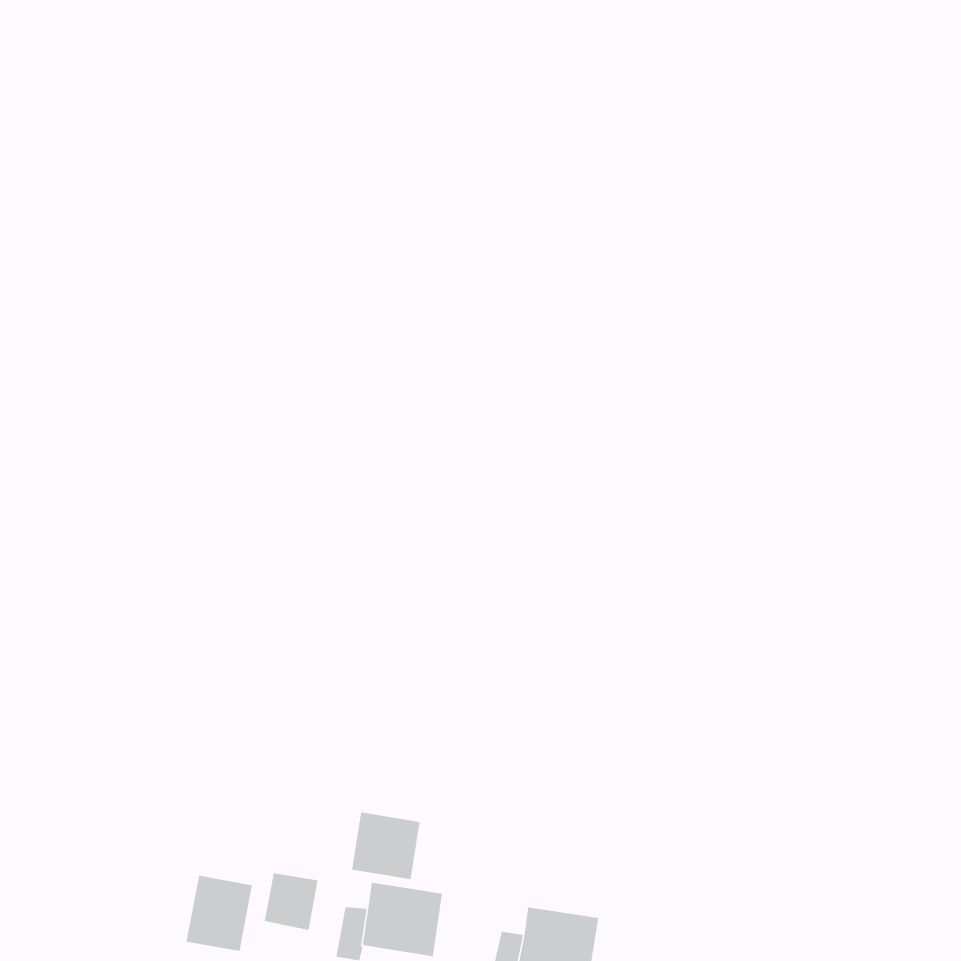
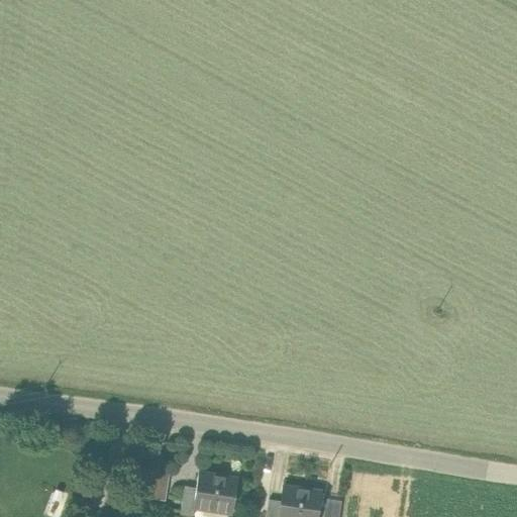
building: [351,811,420,880] -> none
building: [186,875,253,952] -> none

